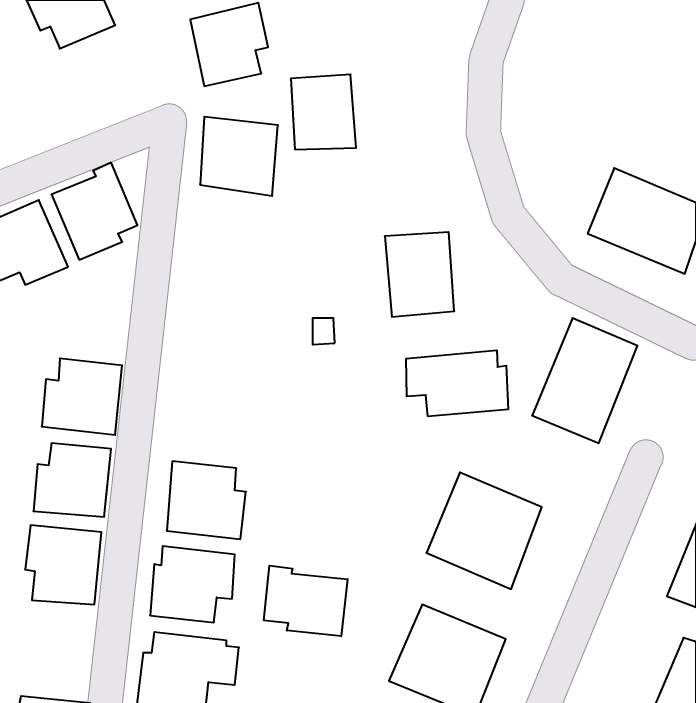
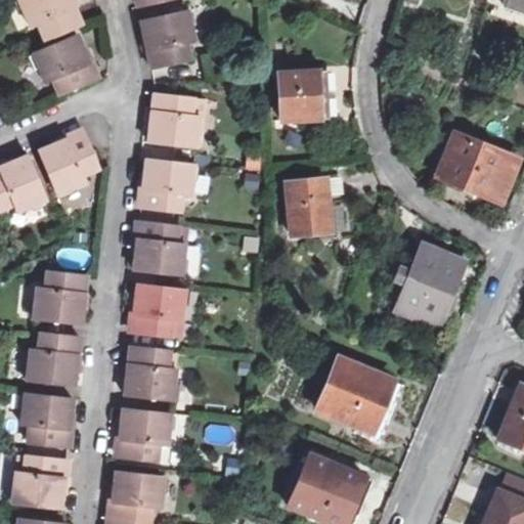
building: none -> [31,31,101,96]
building: [291,74,356,149] -> [278,67,326,122]
building: none -> [135,157,196,214]
building: none -> [130,221,190,276]
building: [406,350,508,416] -> none
building: none -> [126,282,189,339]
building: [264,566,348,636] -> none
building: none -> [9,454,69,511]

